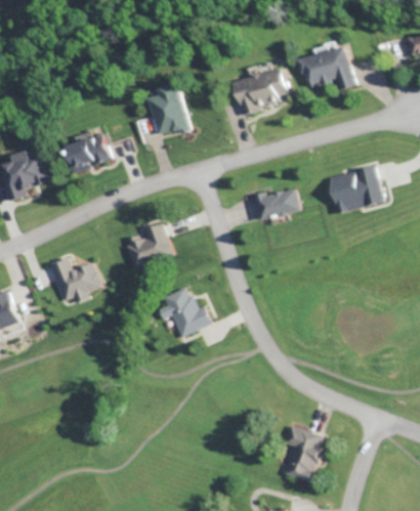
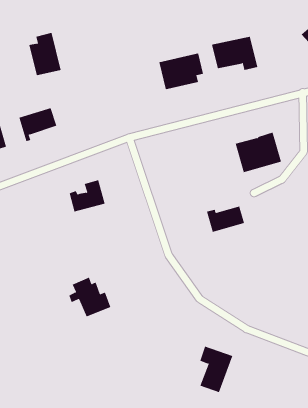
building: [151,82,191,135] -> [29,32,61,76]
building: [252,187,299,220] -> [206,206,245,233]
building: [50,258,101,303] -> none
building: [158,288,210,337] -> [69,277,111,317]

